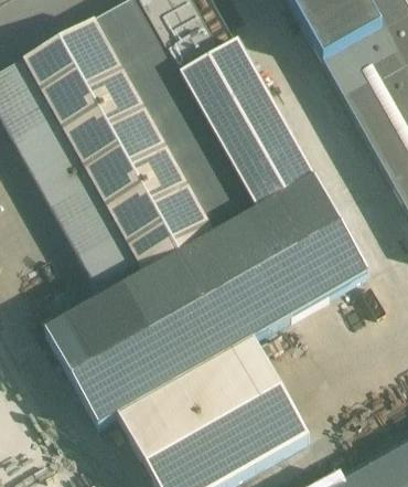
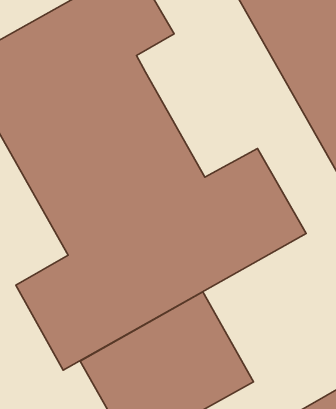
building: [180,39,314,208] -> none

